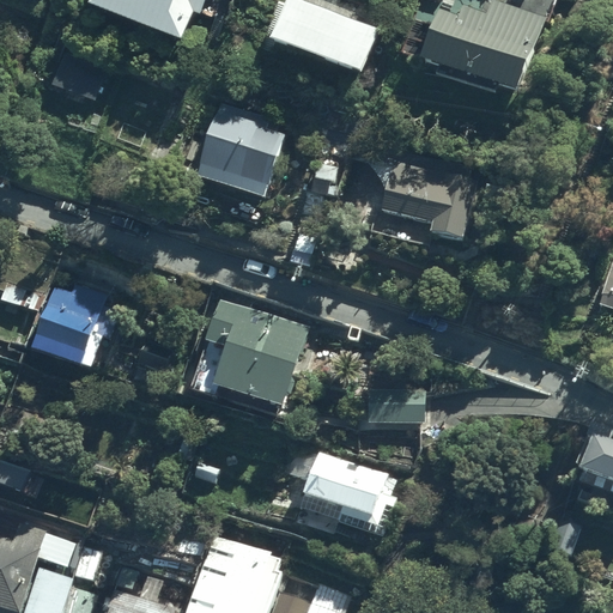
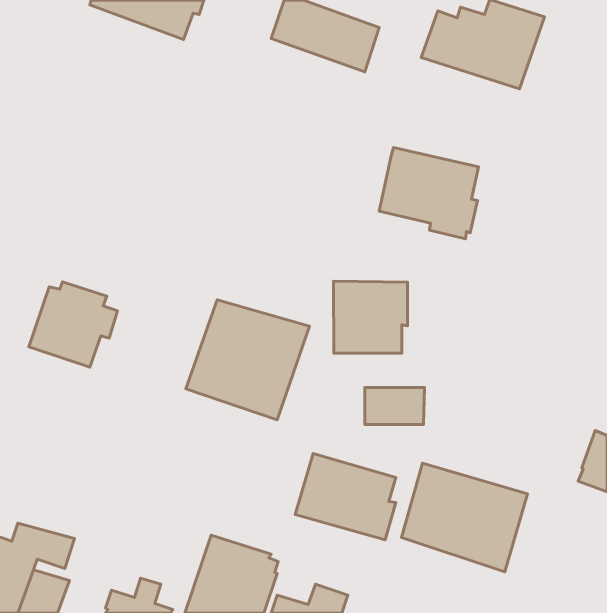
building: [193,104,284,196] -> none
building: none -> [333,281,407,353]
building: none -> [401,463,527,572]

